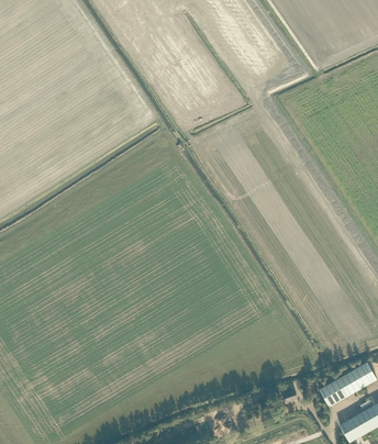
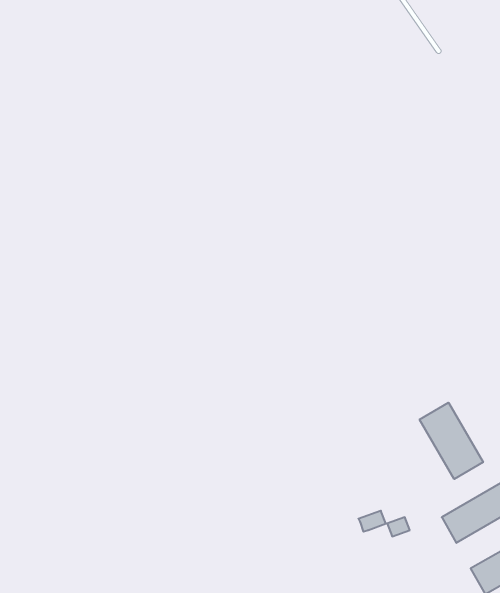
building: none -> [420,403,483,479]

